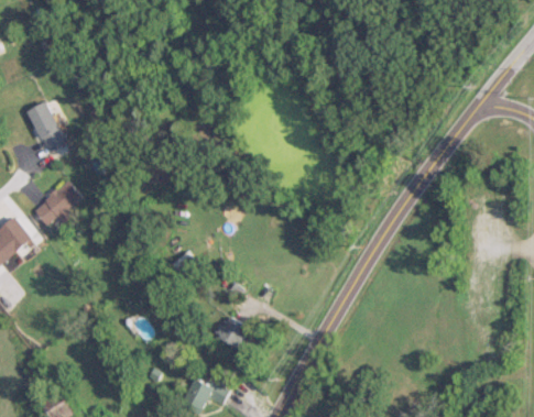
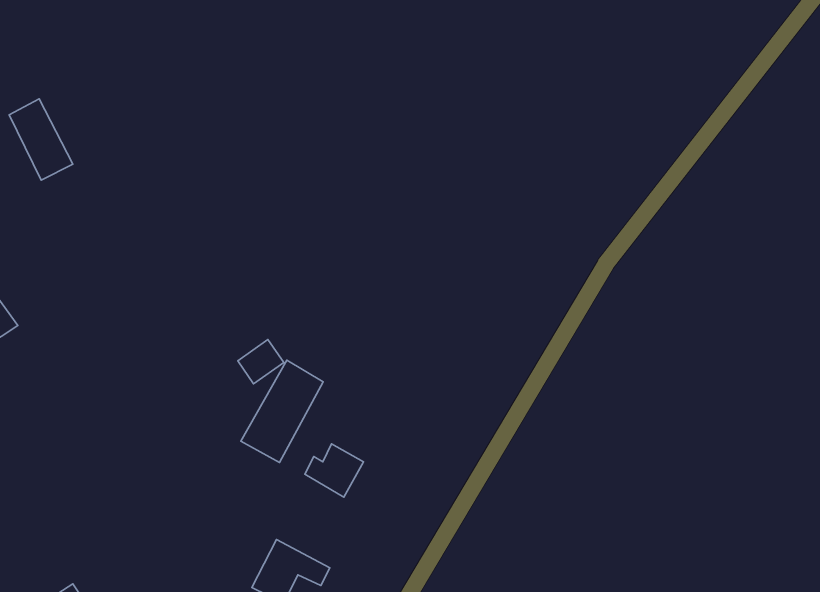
building: [33,180,83,227] -> none
building: none -> [241,360,323,462]

